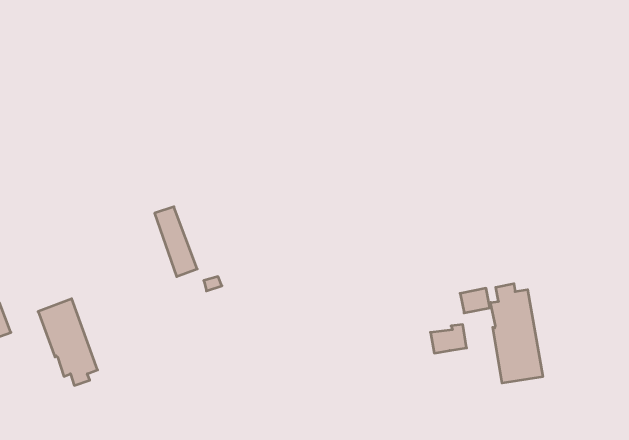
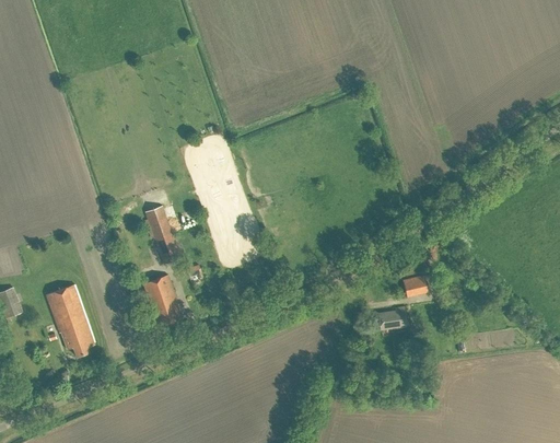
building: [491,284,543,383] -> none
building: none -> [144,276,182,327]

